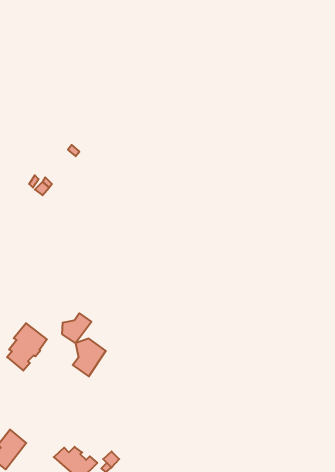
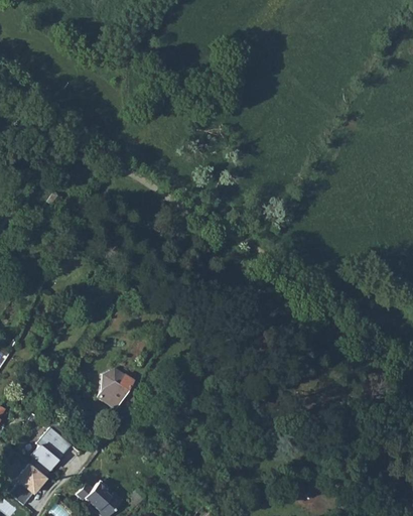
building: [62,313,91,343] -> none
building: [7,323,47,371] -> [29,427,72,478]

